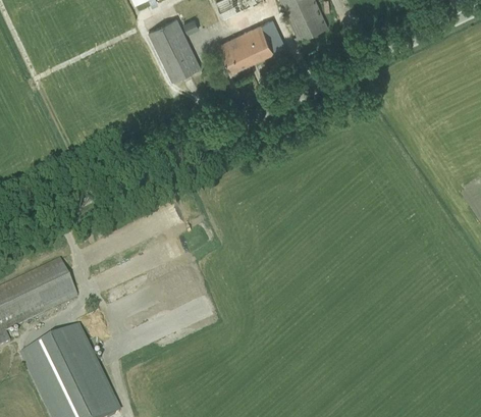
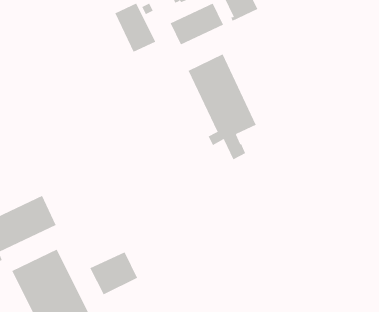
building: none -> [188,53,257,160]
building: none -> [90,252,138,295]

